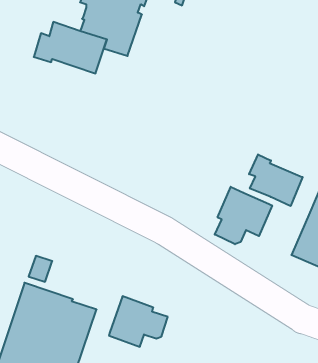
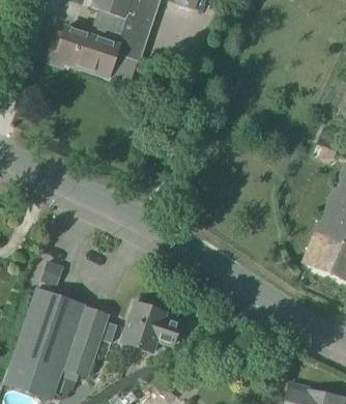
building: [249,154,303,206] -> none
building: [215,187,272,244] -> none

